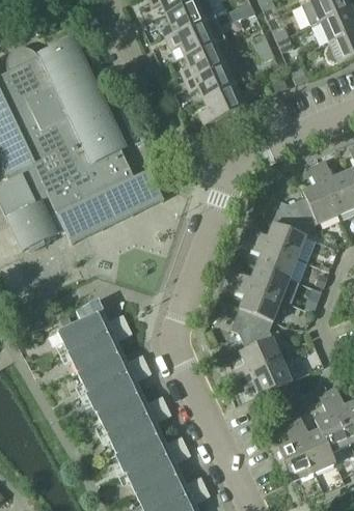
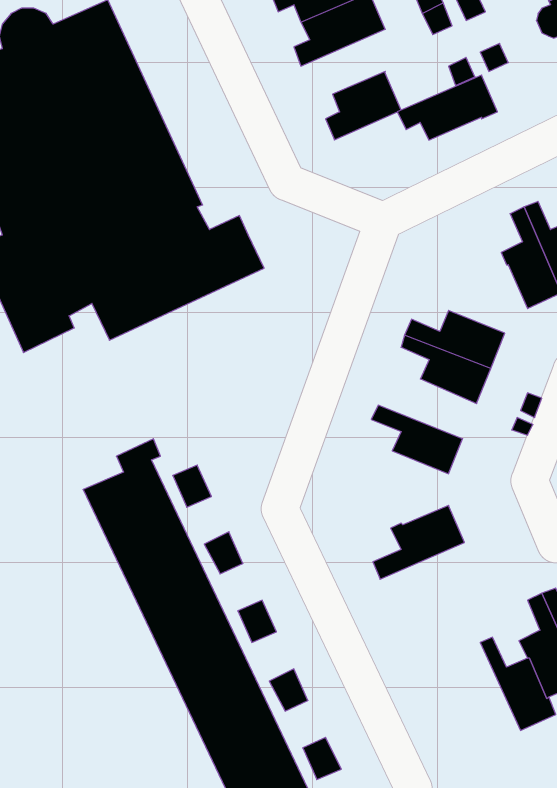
building: [186,58,245,96] -> [397,75,497,140]
building: [273,197,320,237] -> none
building: [232,264,299,304] -> none
building: [232,307,273,350] -> none
building: [233,361,292,395] -> none
building: [279,420,316,481] -> none

